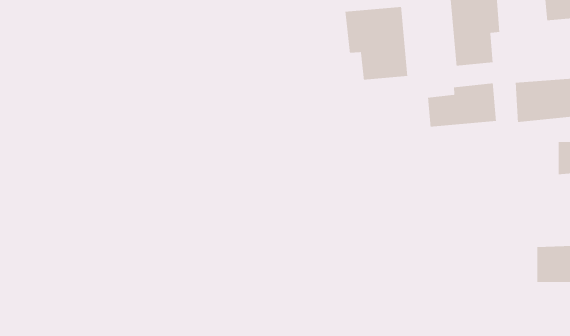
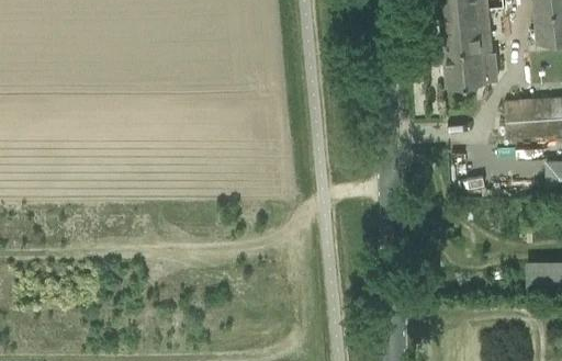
building: [345,6,408,81] -> none
building: [427,83,497,128] -> none

